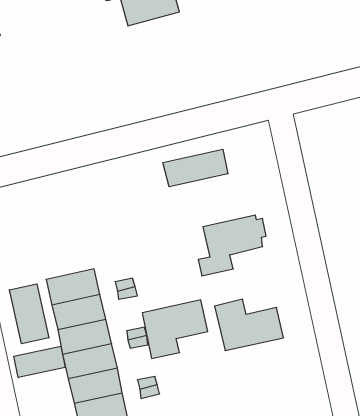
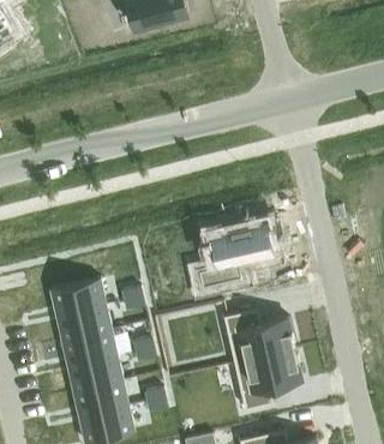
building: [163,149,228,187] -> none
building: [9,284,49,344] -> none
building: [142,300,208,358] -> [235,352,302,412]
building: [14,346,65,378] -> none

